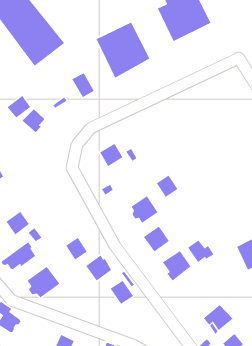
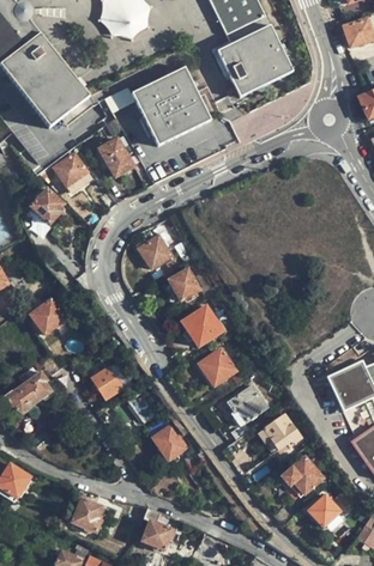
building: [7,95,31,118] -> [53,152,86,184]
building: [156,174,179,198] -> [168,268,199,300]
building: [6,211,30,235] -> [30,298,64,331]
building: [187,240,214,263] -> [263,416,300,449]
building: [26,266,60,299] -> none

